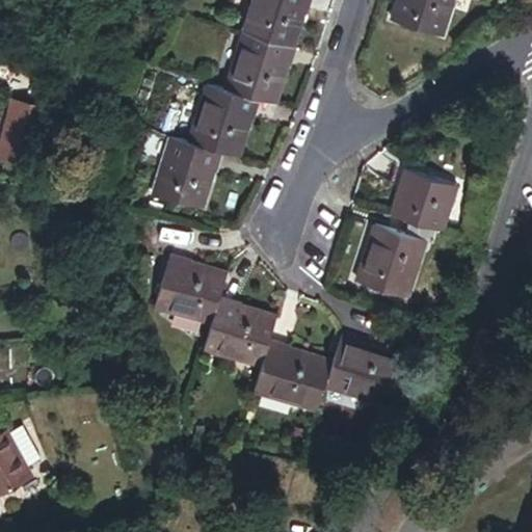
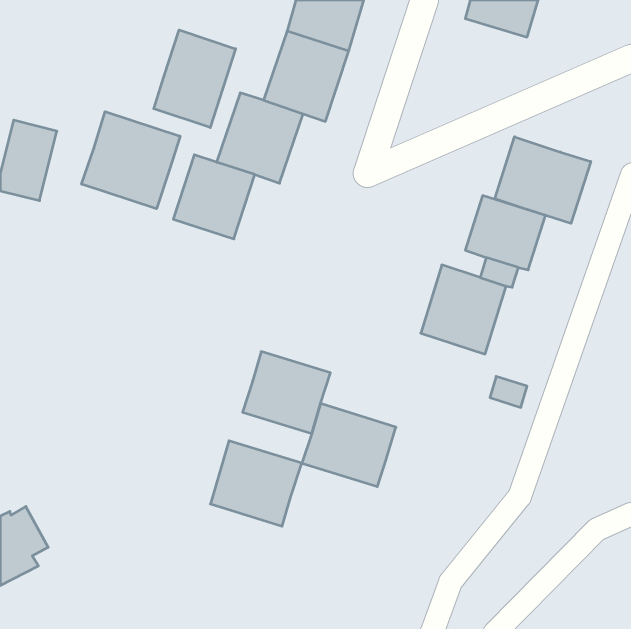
building: none -> [154,30,236,128]
building: none -> [82,112,180,209]
building: none -> [495,137,591,223]
building: [153,251,230,323] -> [210,441,302,526]
building: [325,337,405,408] -> none

